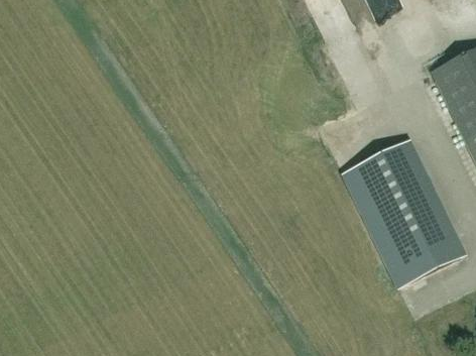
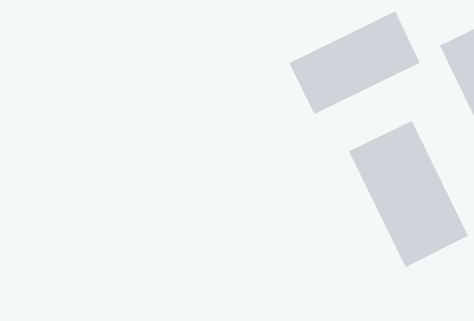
building: none -> [289,11,420,115]

